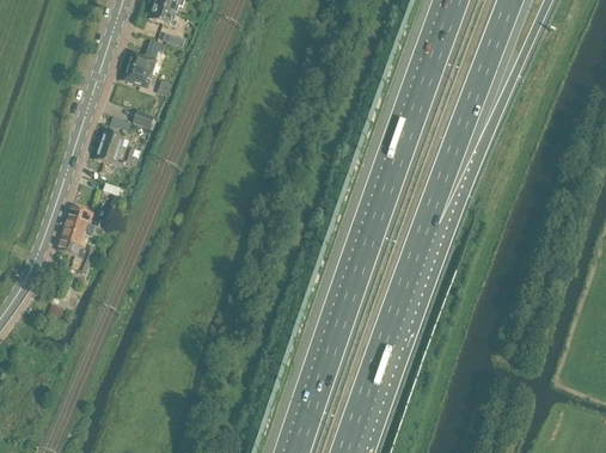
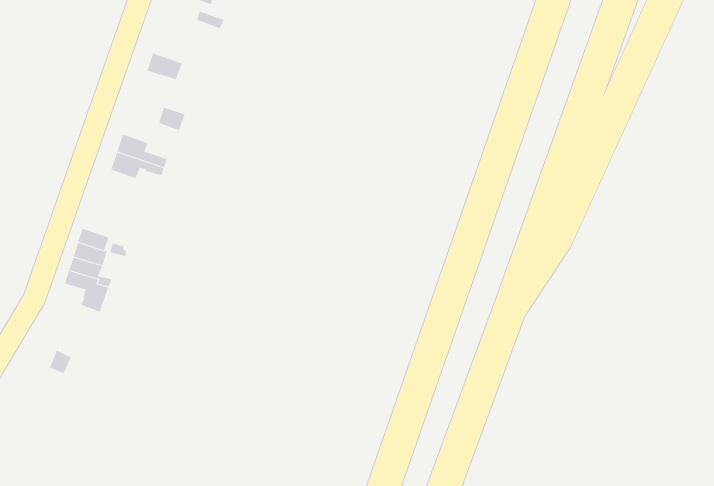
building: [128,38,165,73] -> none

